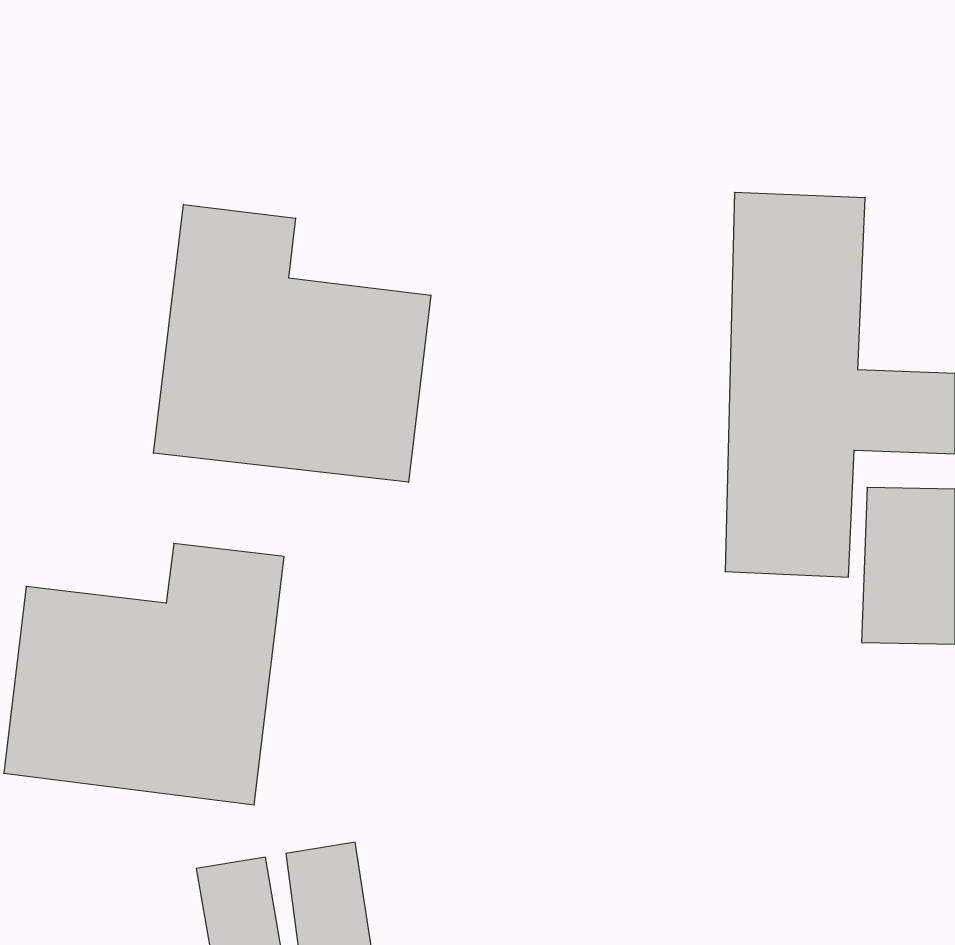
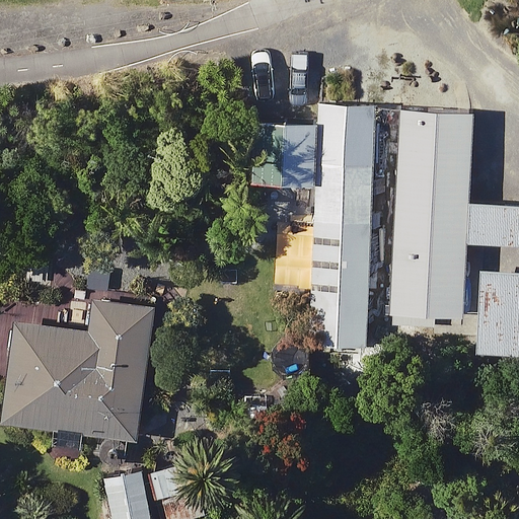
building: none -> [256,106,373,348]
building: [154,204,431,482] -> none

